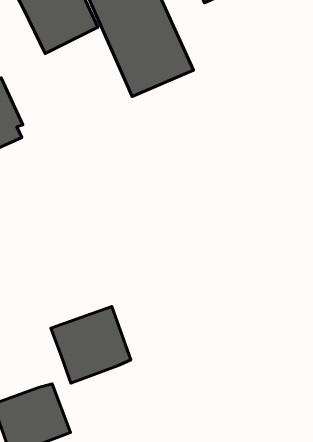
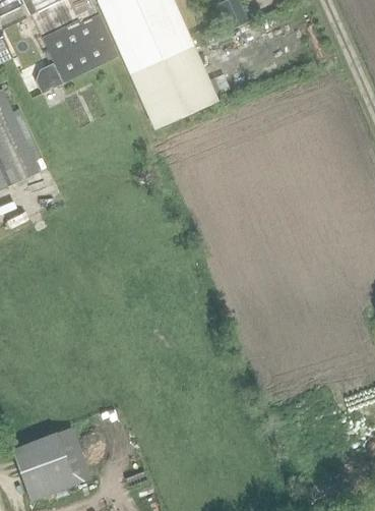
building: none -> [36,61,64,93]
building: [51,307,131,383] -> none

